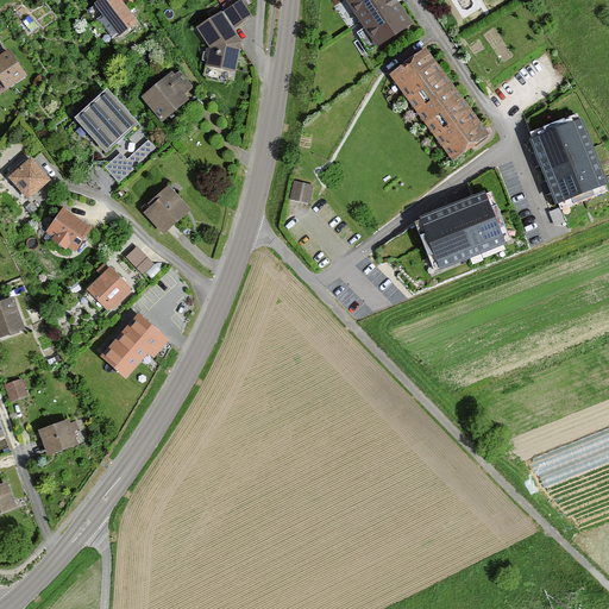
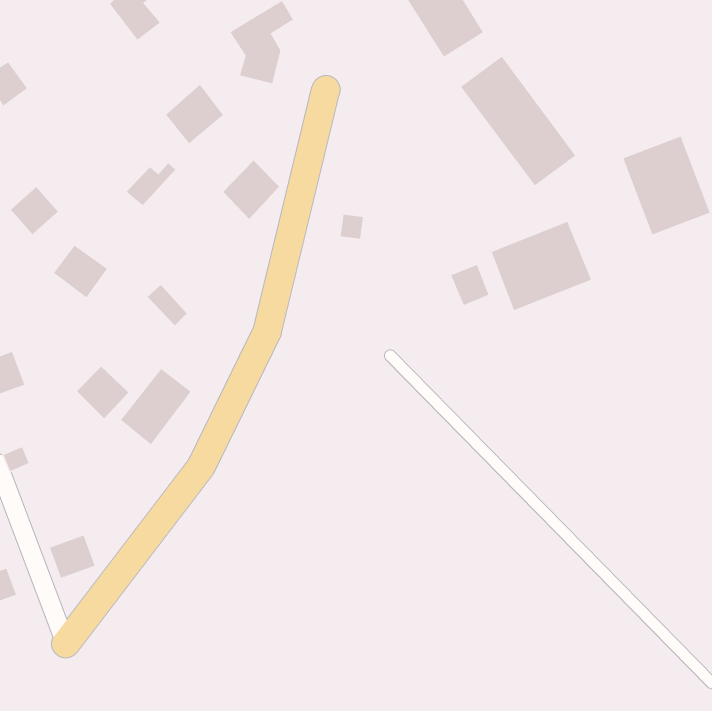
building: [77,92,137,152] -> none
building: [140,184,189,236] -> [223,160,280,220]
building: none -> [450,264,489,306]
building: [84,266,130,312] -> [76,366,129,419]
building: [36,419,75,456] -> [49,535,95,578]

